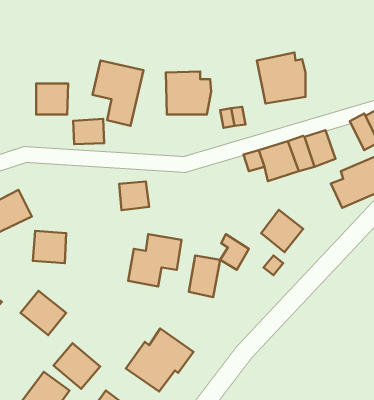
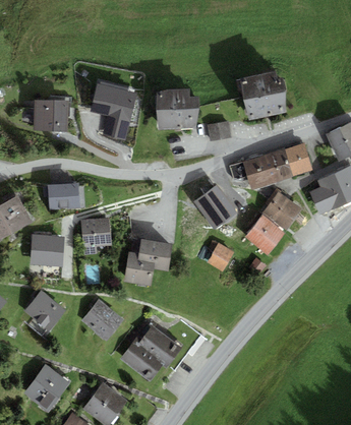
building: [73,119,104,144] -> [52,184,80,207]
building: none -> [192,185,236,230]
building: [119,181,149,210] -> [85,219,113,245]
building: none -> [261,192,299,230]
building: [189,255,220,297] -> none
building: [54,343,100,389] -> [80,299,123,341]

